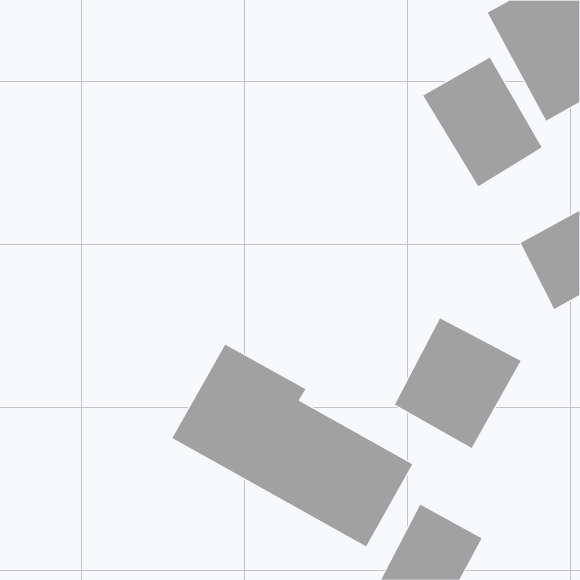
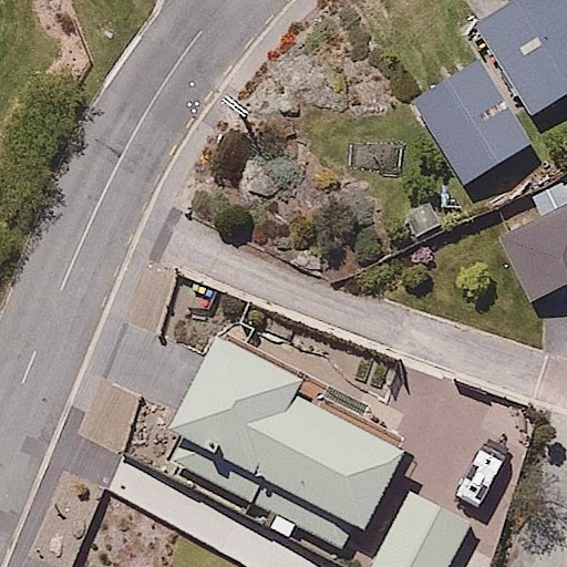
building: [394,317,521,449] -> none

